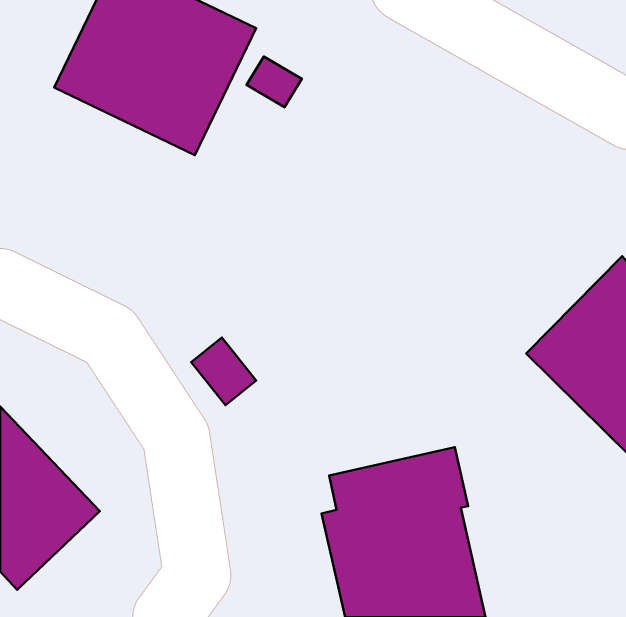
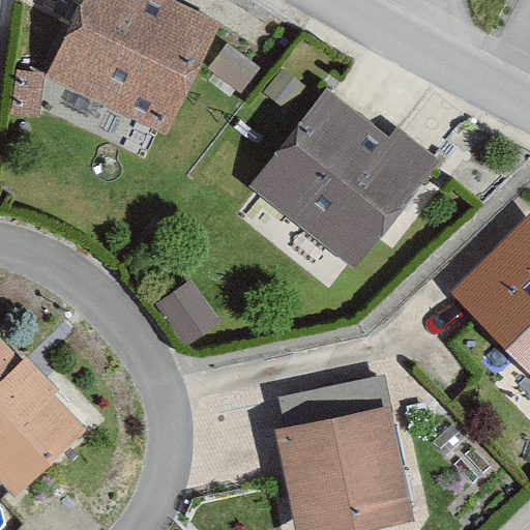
building: none -> [254,92,438,264]

